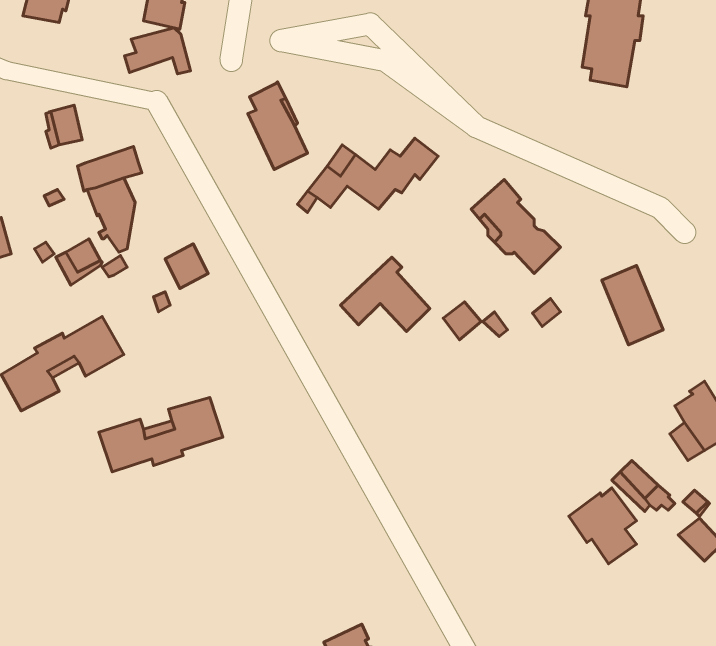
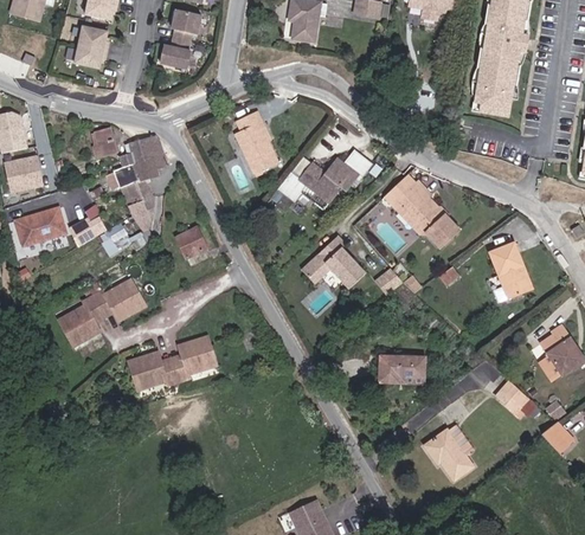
building: [124,28,191,74] -> [118,135,166,168]
building: none -> [379,355,424,382]
building: [569,488,637,564] -> [424,425,472,479]

